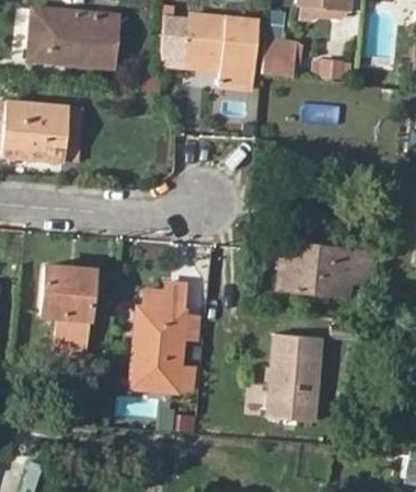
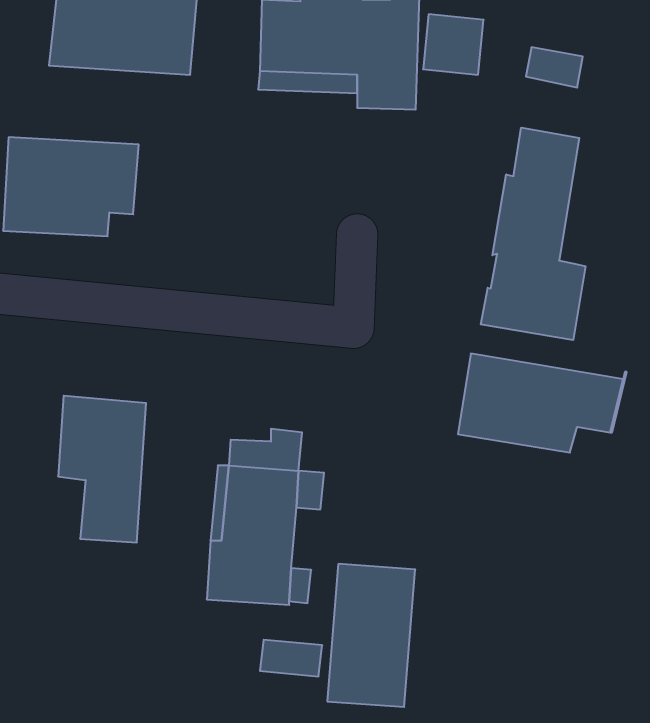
building: none -> [481,128,586,340]
building: [269,332,322,418] -> [327,564,415,707]

